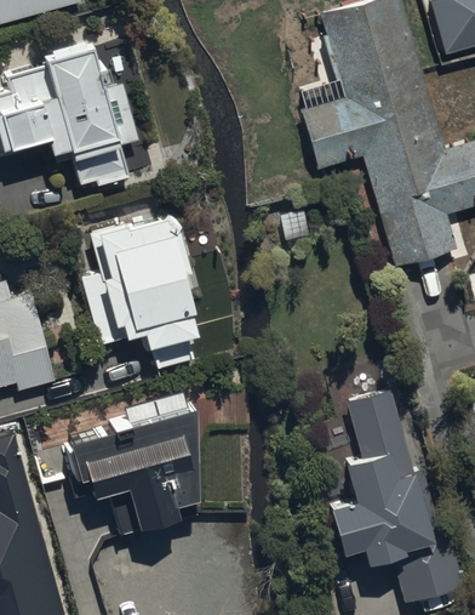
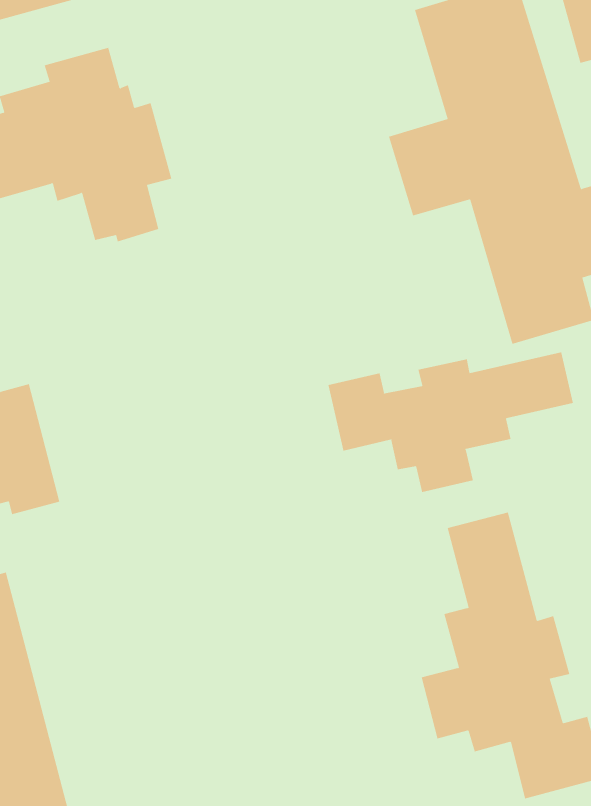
building: [81,211,200,369] -> none
building: none -> [328,352,573,493]
building: [67,403,201,529] -> none

